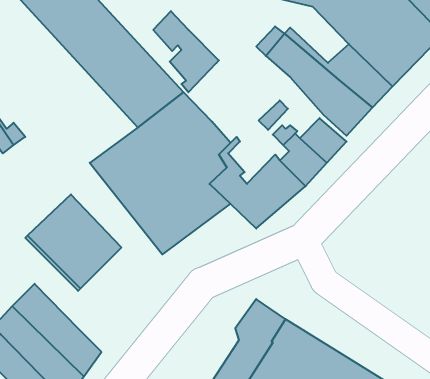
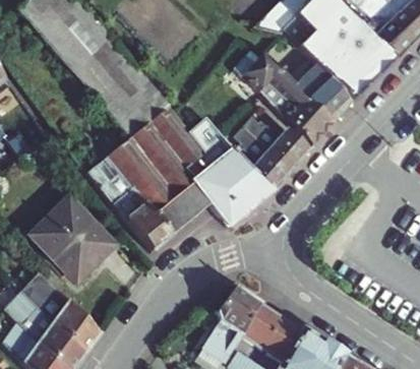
building: [153,11,219,92] -> [194,117,251,187]

